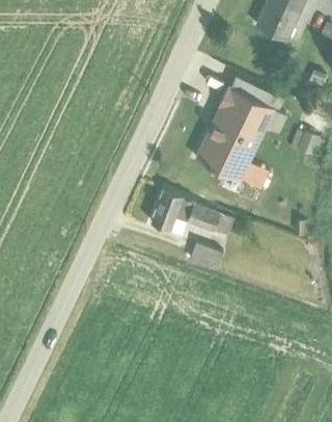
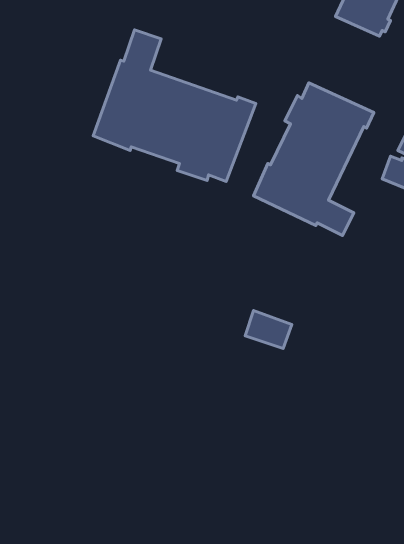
building: none -> [93,30,256,182]
building: [148,188,233,236] -> none

